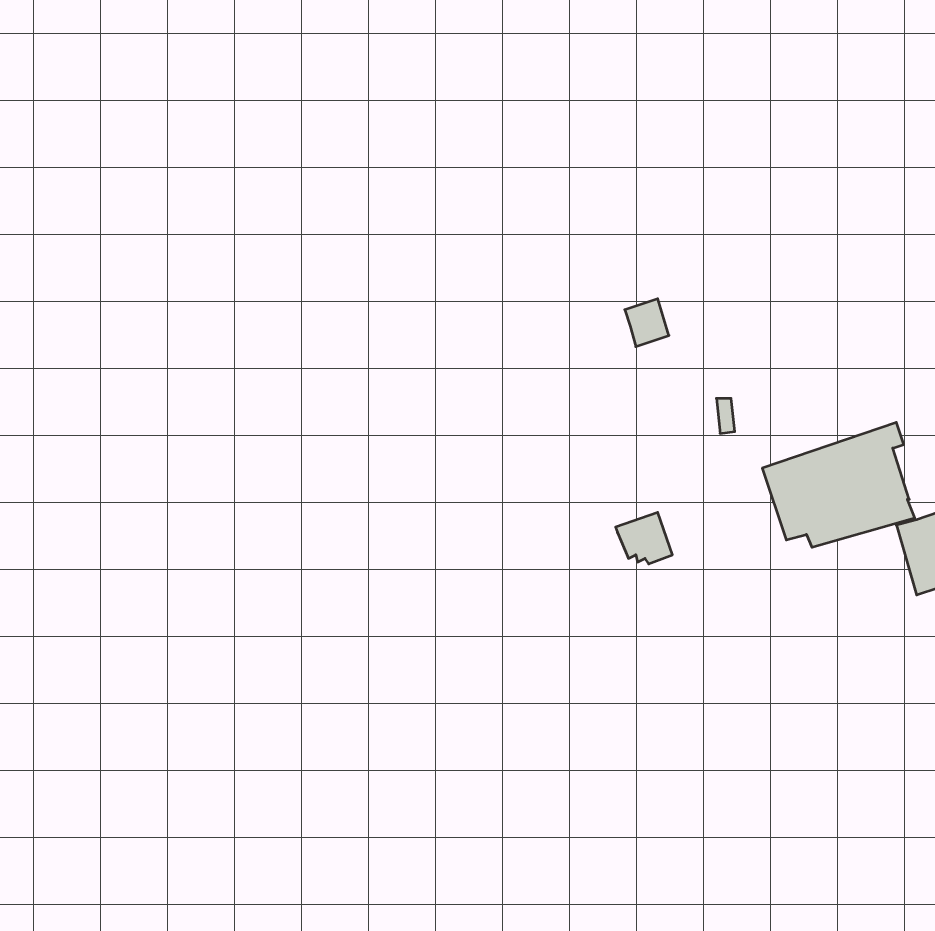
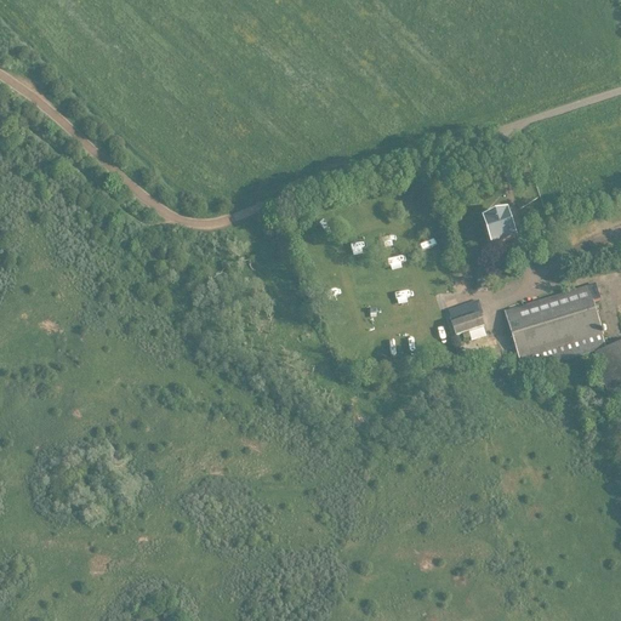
building: [625,299,669,347] -> [485,209,514,240]
building: [616,512,672,564] -> [449,301,486,335]

